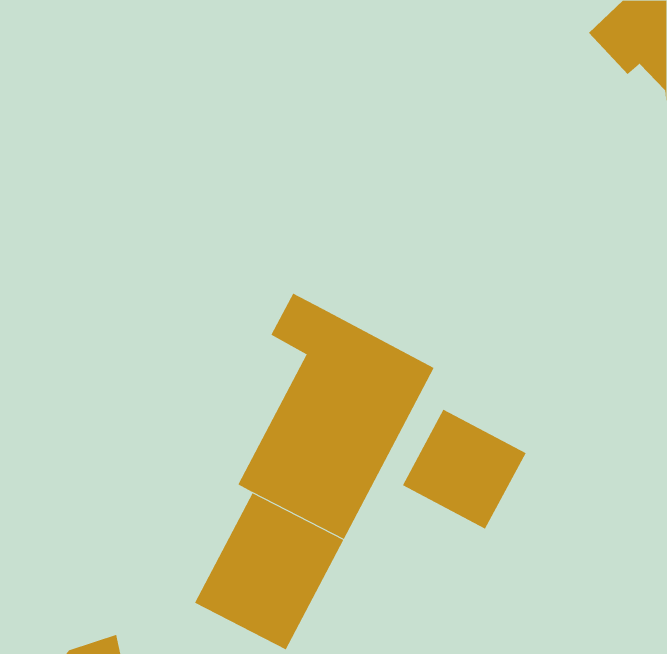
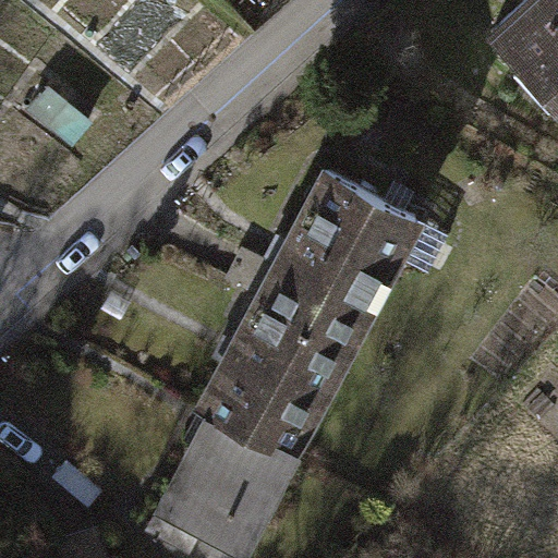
building: none -> [268,182,408,319]
building: [402,409,526,529] -> none

